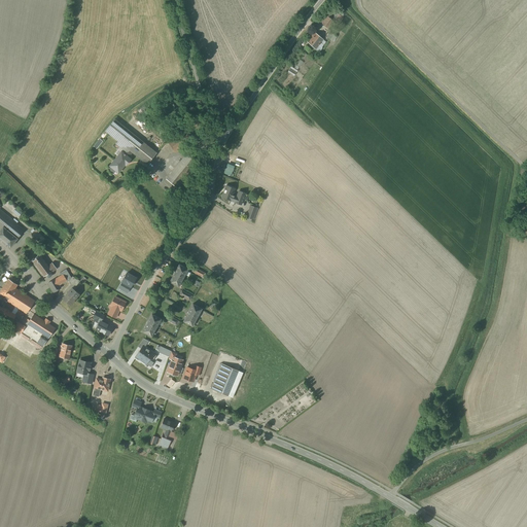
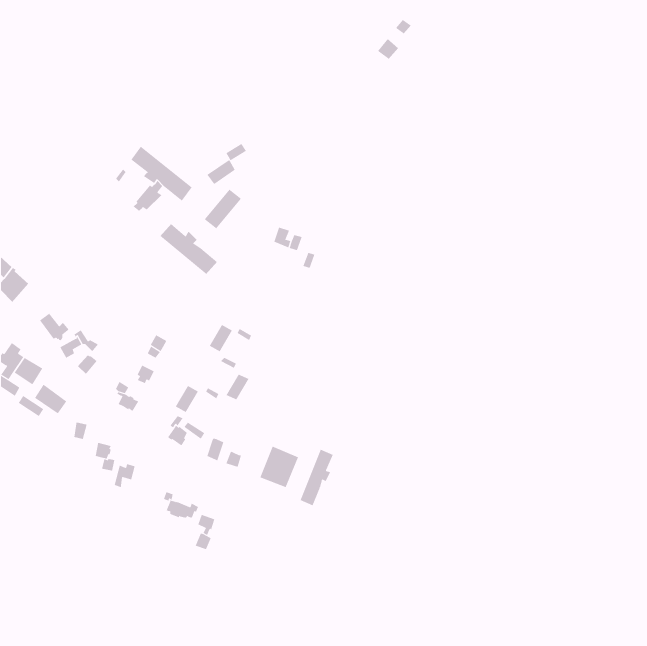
building: none -> [159,223,218,275]
building: none -> [300,449,333,506]

